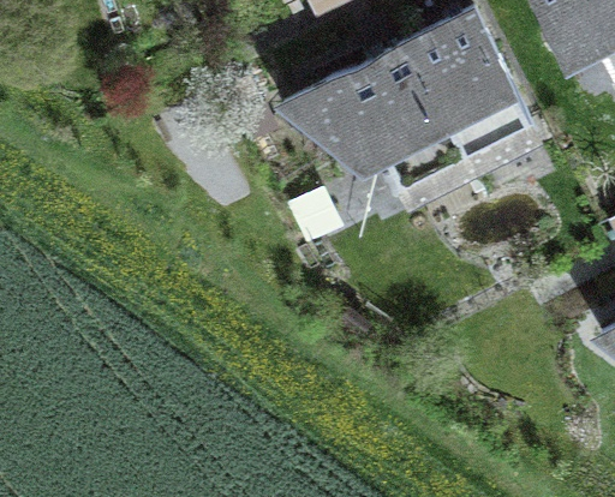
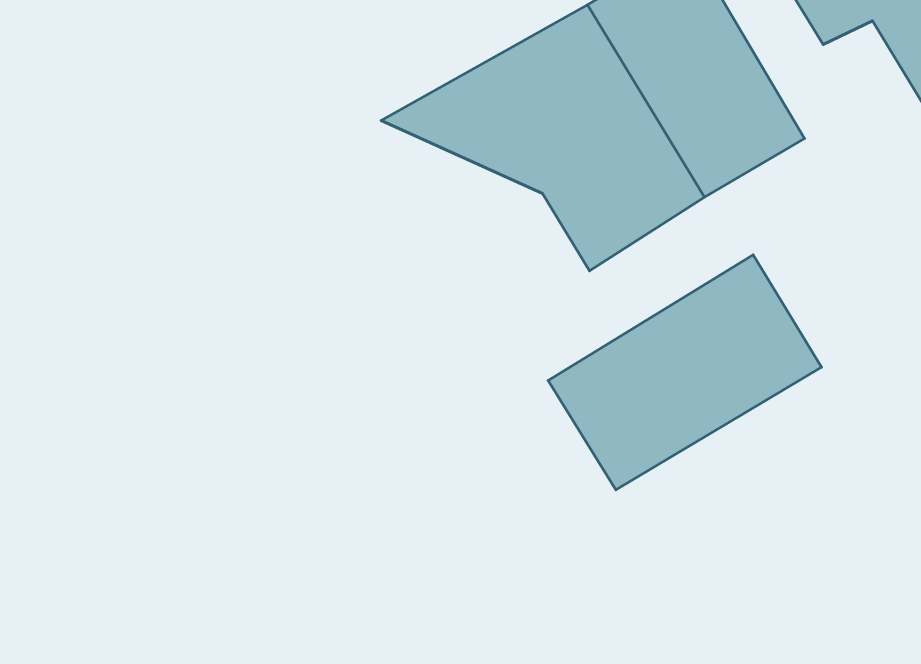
building: none -> [548,255,821,490]

